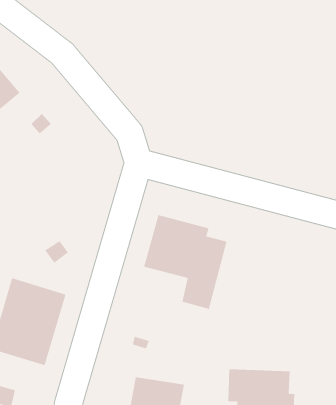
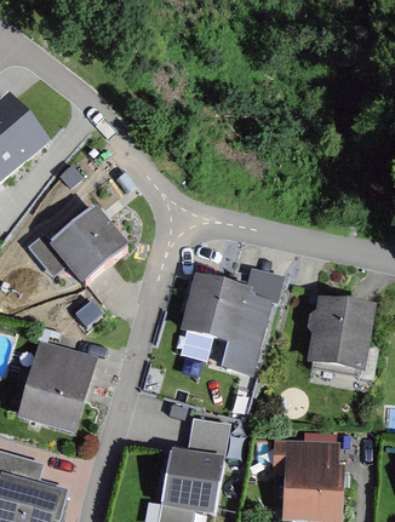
building: none -> [48,205,127,282]
building: none -> [307,294,376,371]
building: none -> [187,417,230,454]

